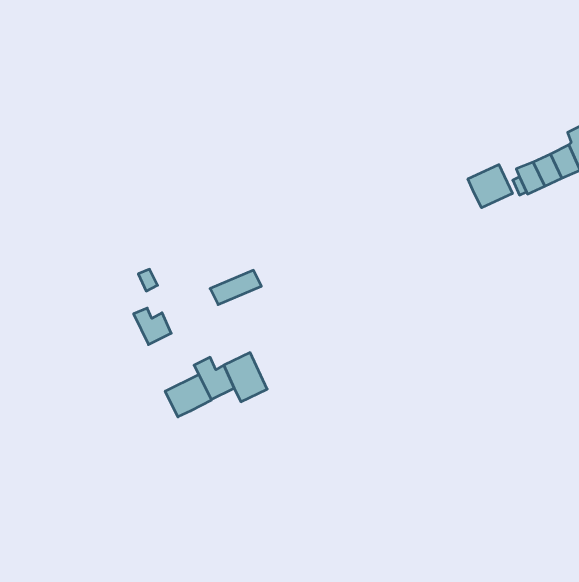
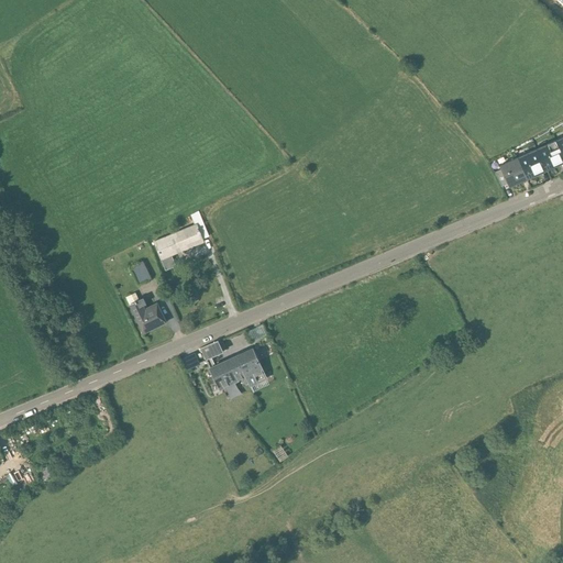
building: [468,165,512,208] -> none
building: [210,270,261,305] -> [157,227,207,260]
building: [165,374,211,417] -> none

